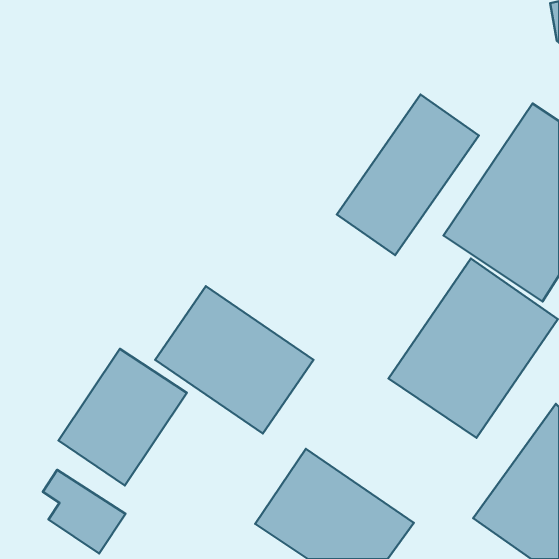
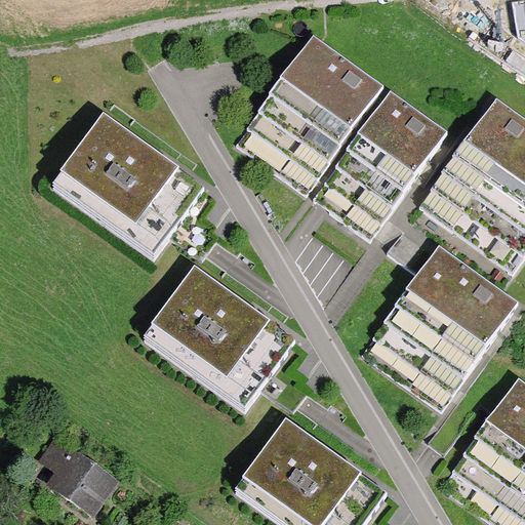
building: none -> [235,33,382,192]
building: none -> [53,114,201,252]
building: [58,349,187,486] -> none

